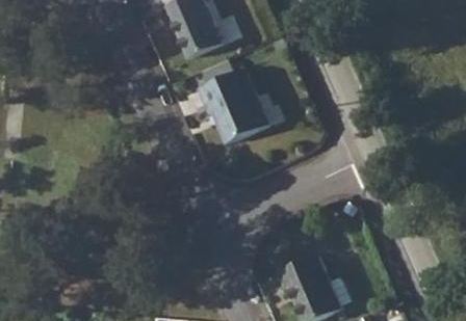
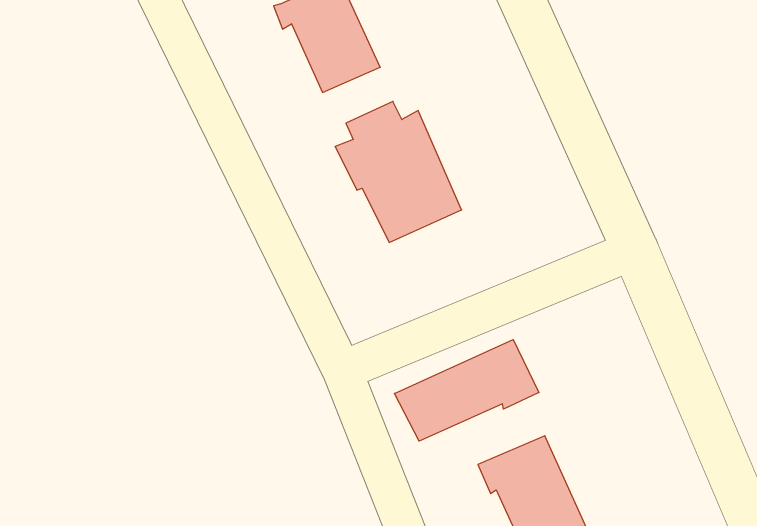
building: none -> [394,340,539,441]

